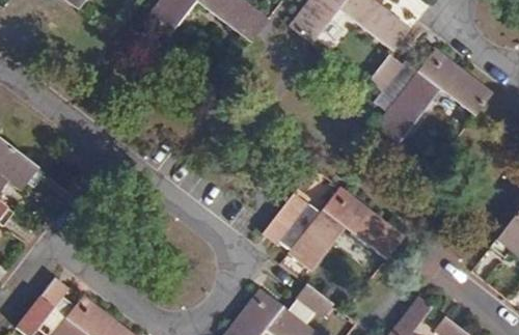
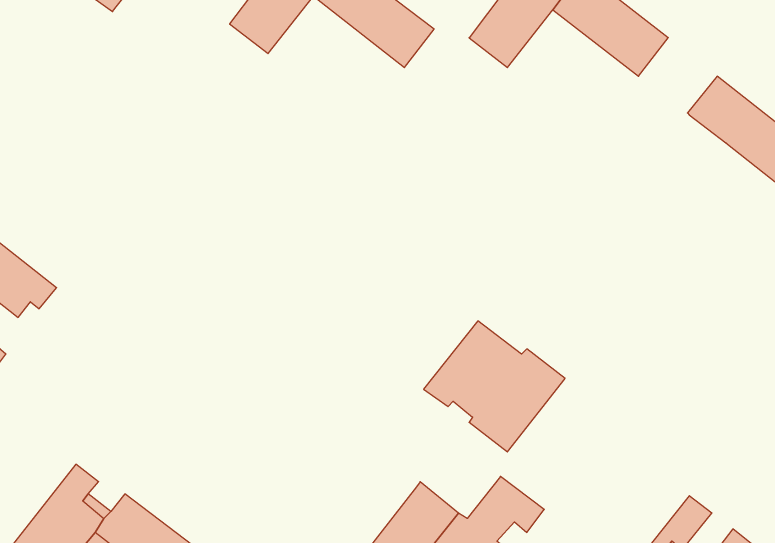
building: [370,55,441,143] -> none
building: [323,187,402,257] -> none

